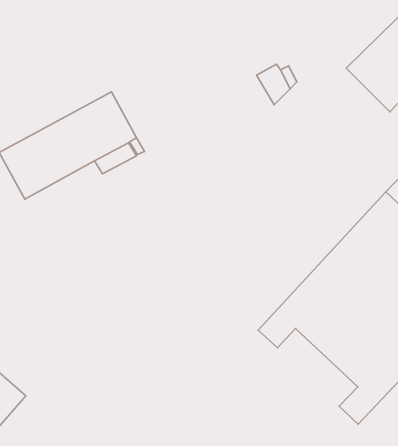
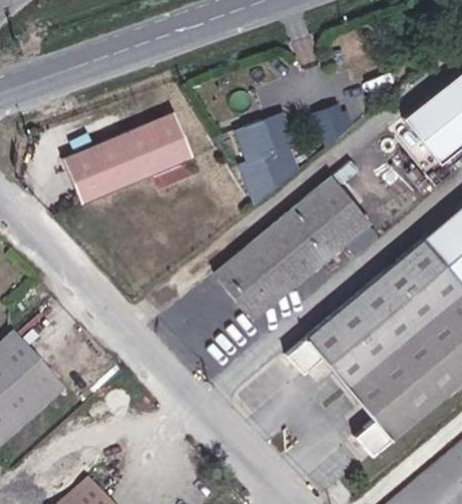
building: none -> [235,111,298,202]
building: none -> [216,177,369,318]

